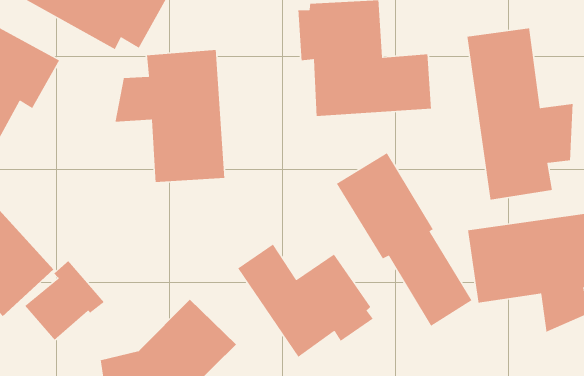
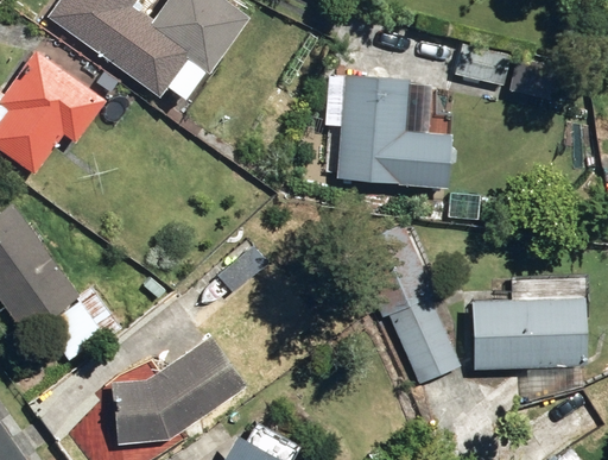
building: [466,28,574,201] -> none
building: [114,49,225,183] -> none
building: [237,244,374,358] -> none

